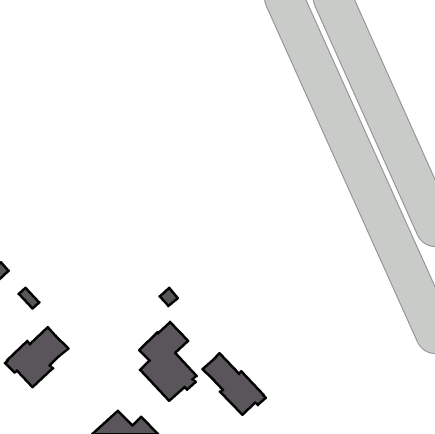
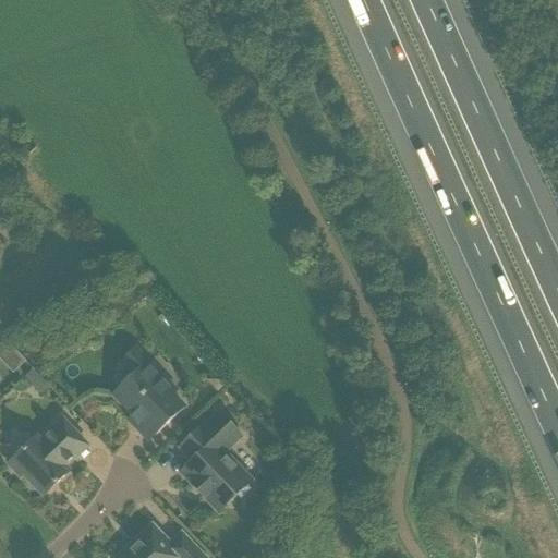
building: none -> [111,347,182,439]
building: [203,353,266,415] -> none

